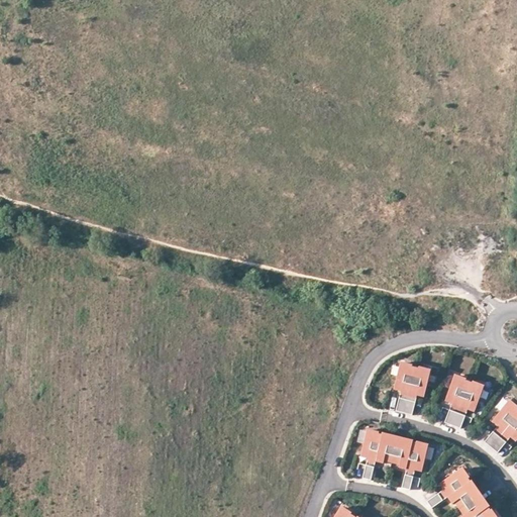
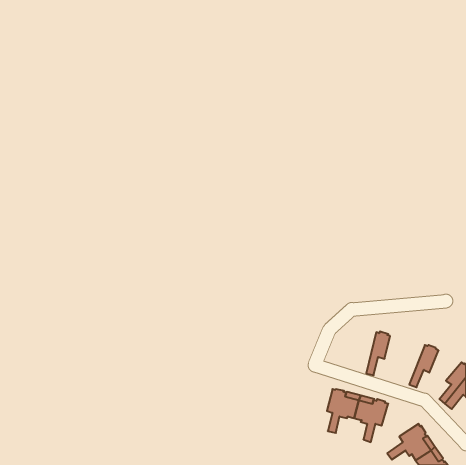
building: [393,361,415,412] -> none
building: [444,375,469,424] -> none

